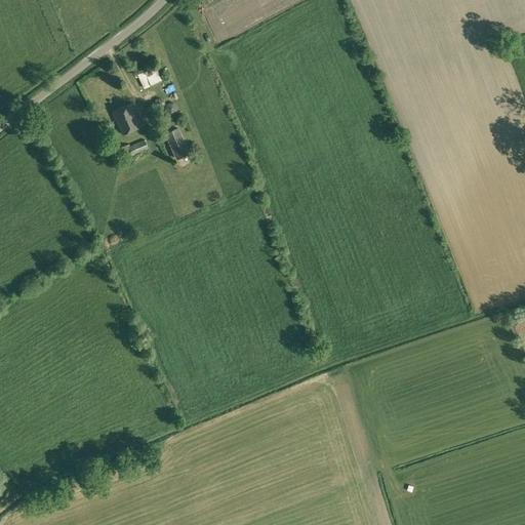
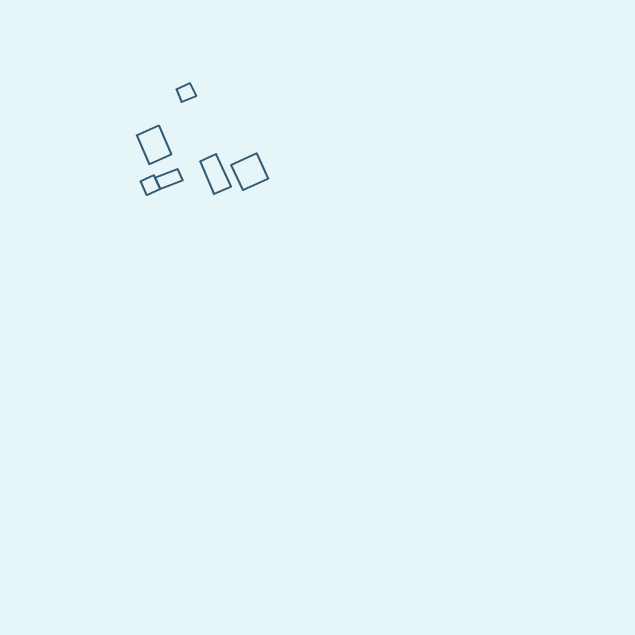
building: none -> [231,153,268,190]

